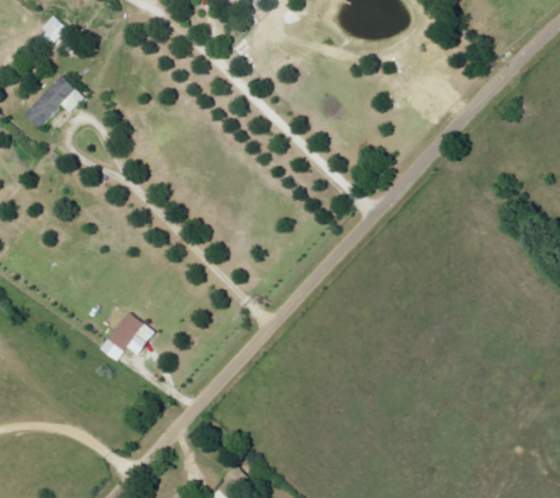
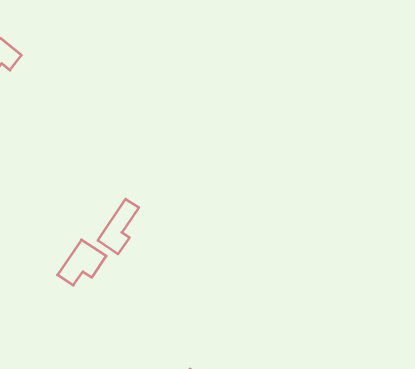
building: none -> [98,199,139,254]

